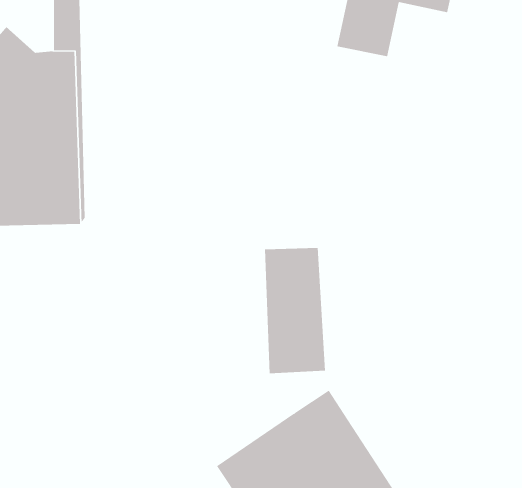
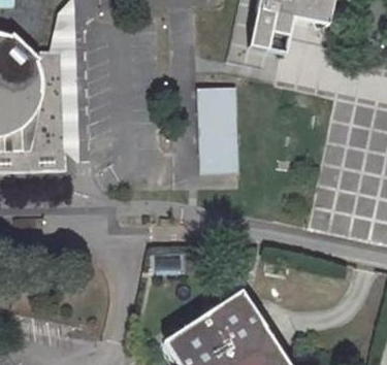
building: [264,248,326,374] -> [198,88,241,176]

